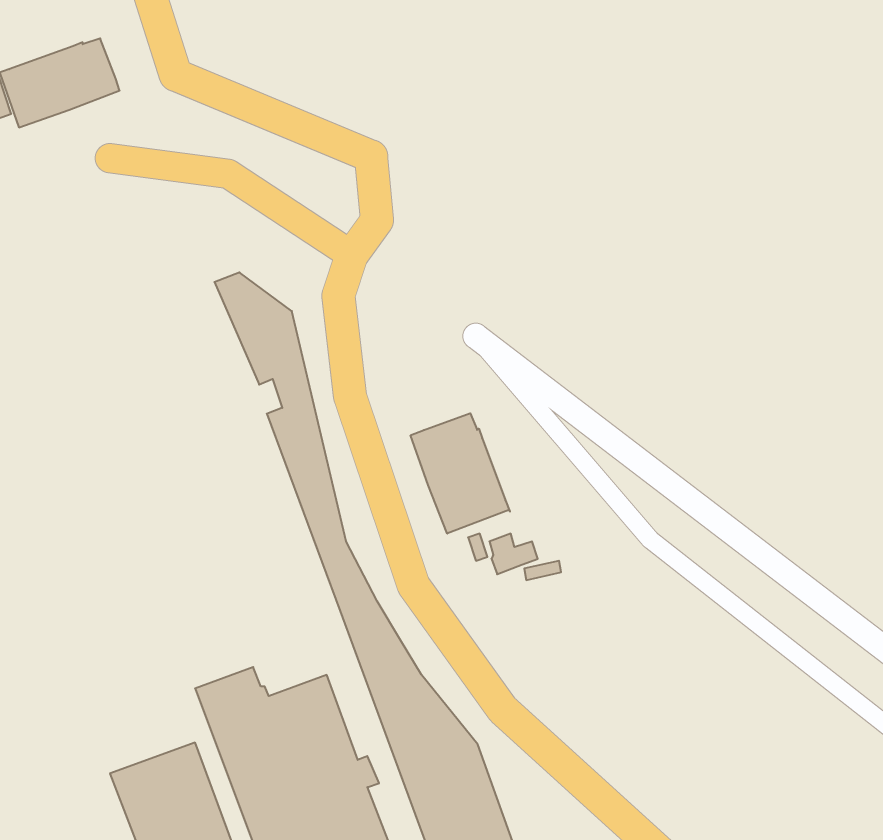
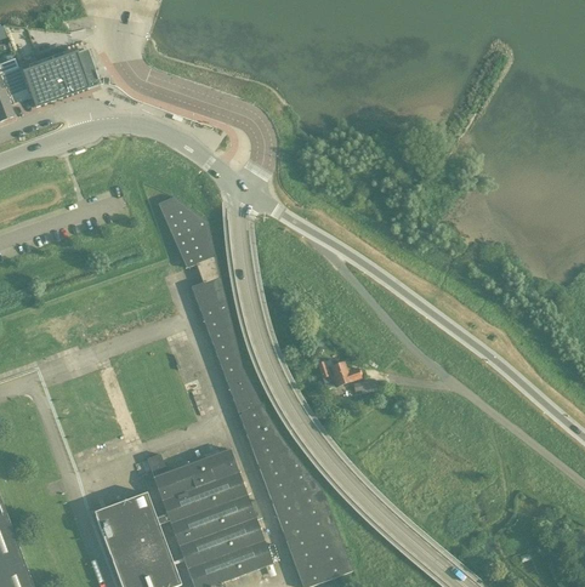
building: [411,413,510,534] -> none

